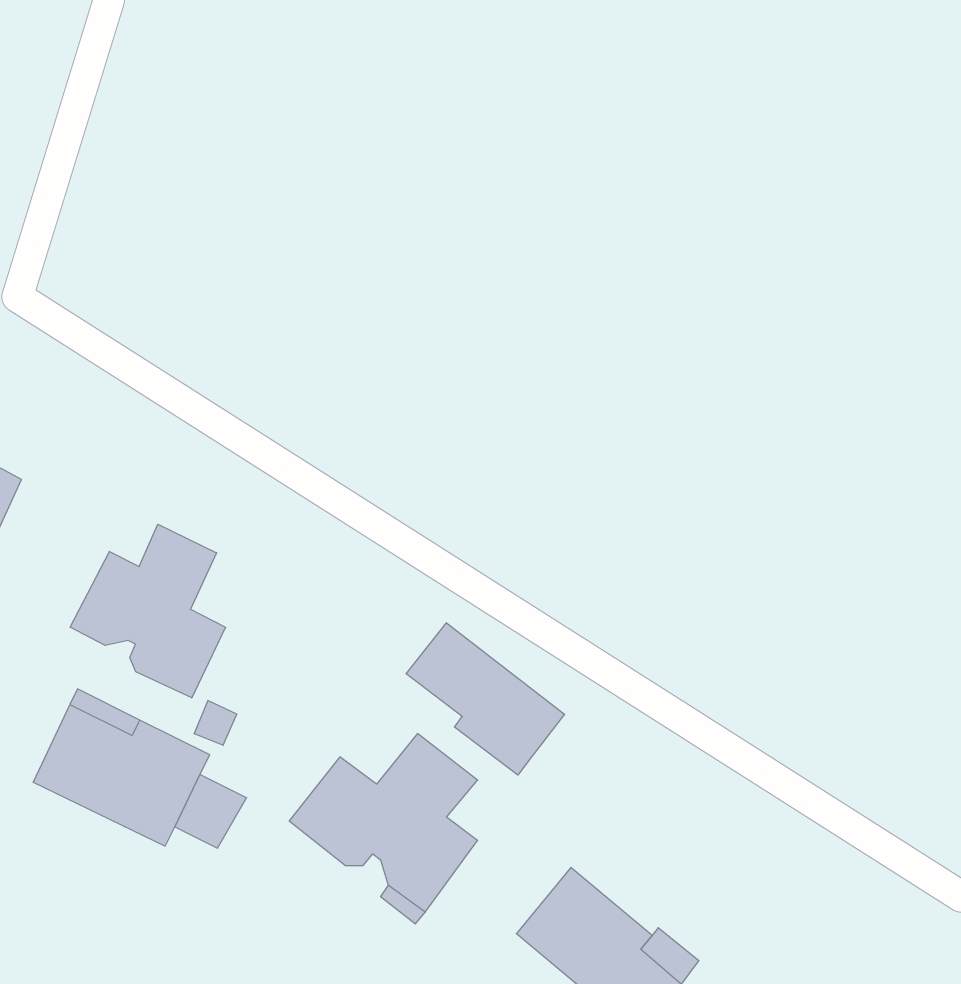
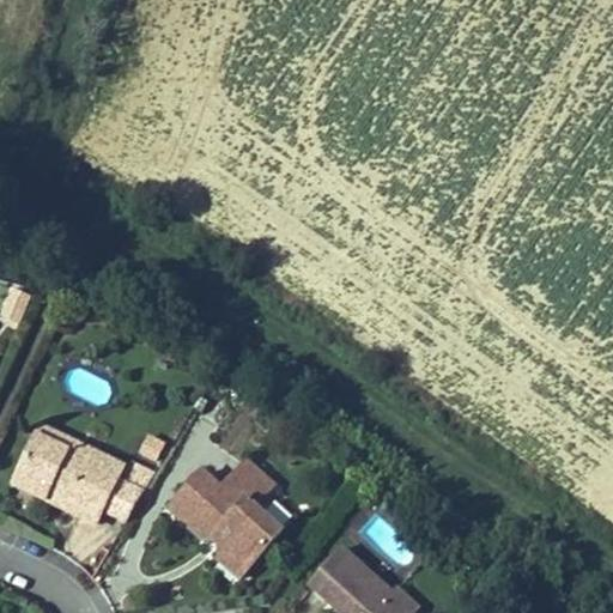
building: [70,524,225,698] -> none
building: [406,623,565,775] -> none

